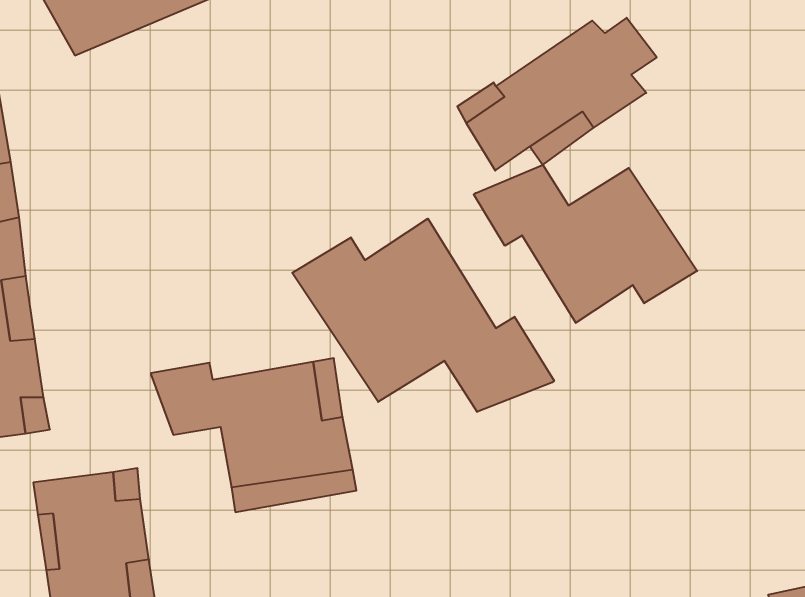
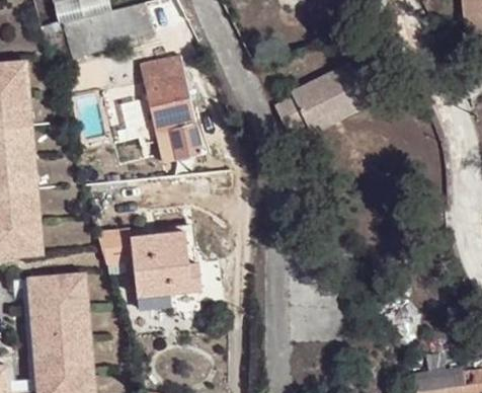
building: none -> [138,57,202,161]
building: [474,165,697,323] -> none
building: [292,219,554,412] -> none

